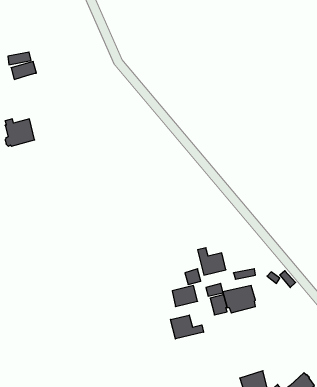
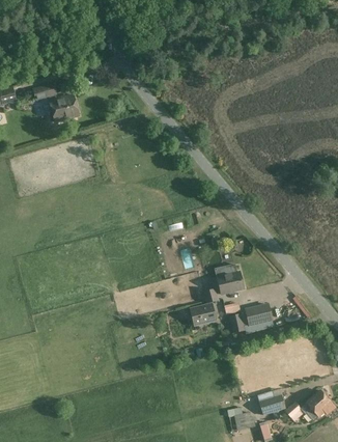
building: [5,119,35,146] -> [49,94,78,121]
building: [171,315,204,339] -> none

